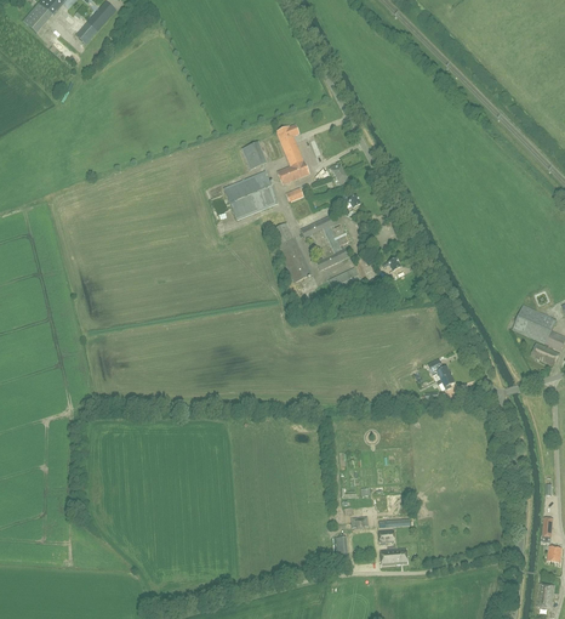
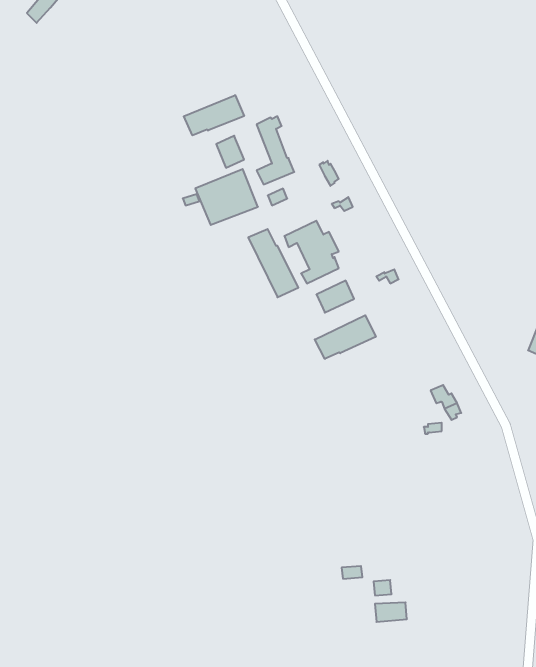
building: none -> [184,95,244,135]
building: none -> [315,315,376,359]

